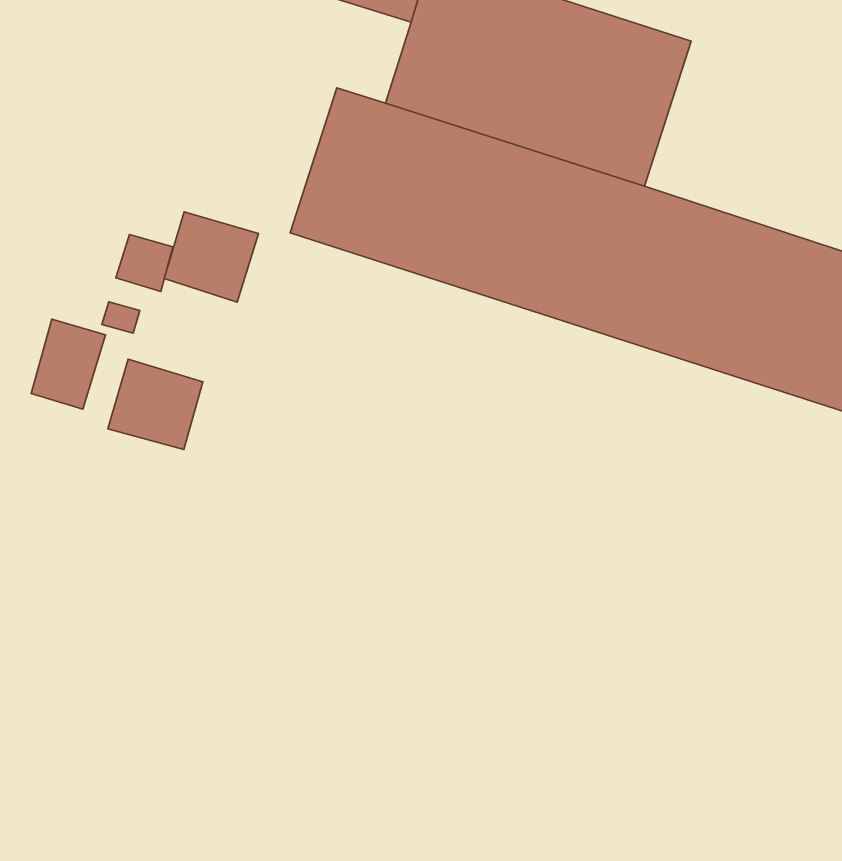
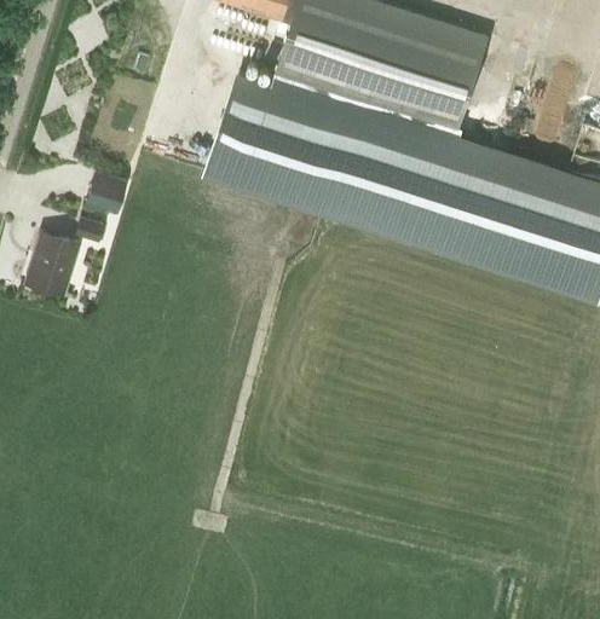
building: [164,212,258,302] -> none
building: [108,359,203,450] -> none

